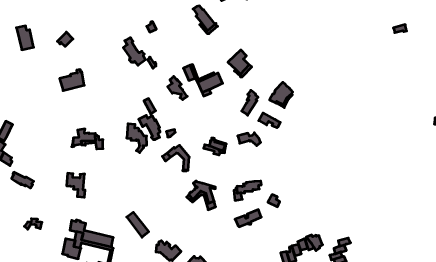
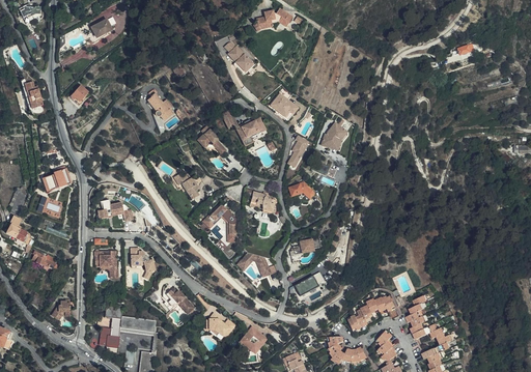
building: [60,70,84,91] -> [41,166,71,192]
building: [127,124,147,153] -> [131,245,155,277]

